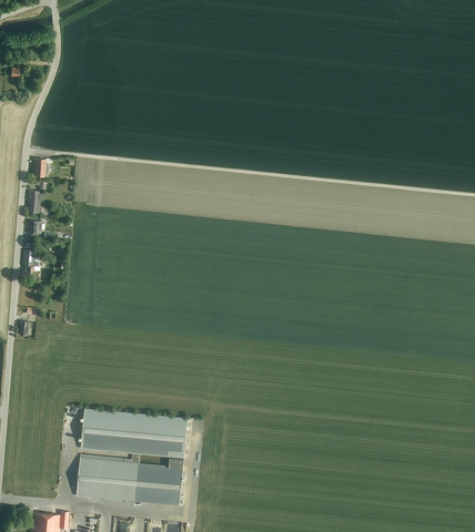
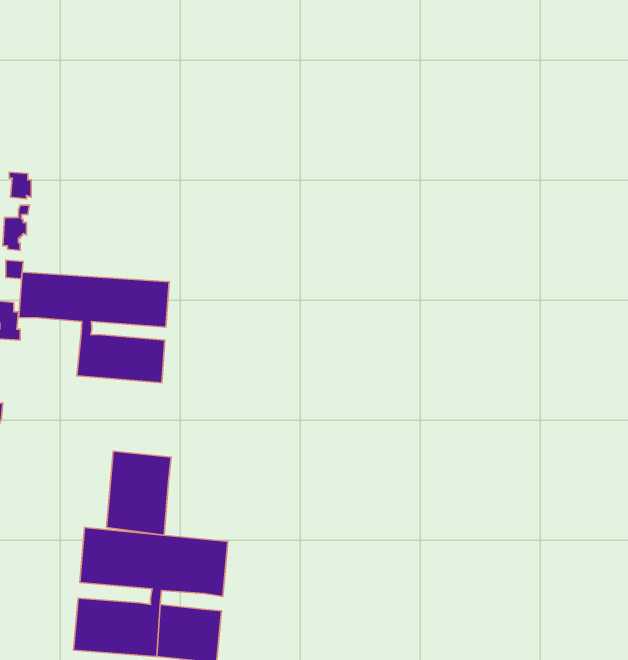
building: none -> [19,272,169,383]
building: none -> [106,451,171,535]

